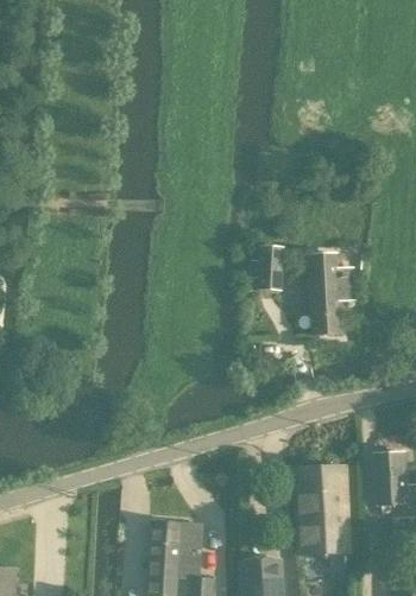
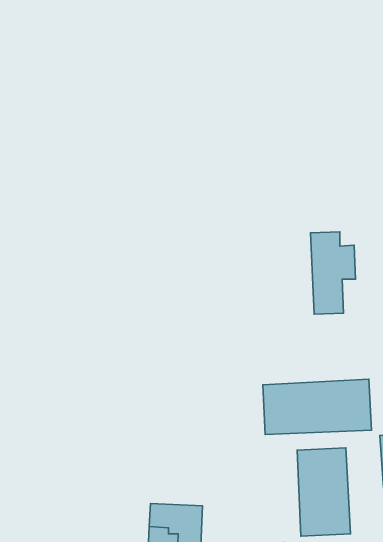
building: [253,247,285,289] -> none
building: none -> [263,379,371,435]

